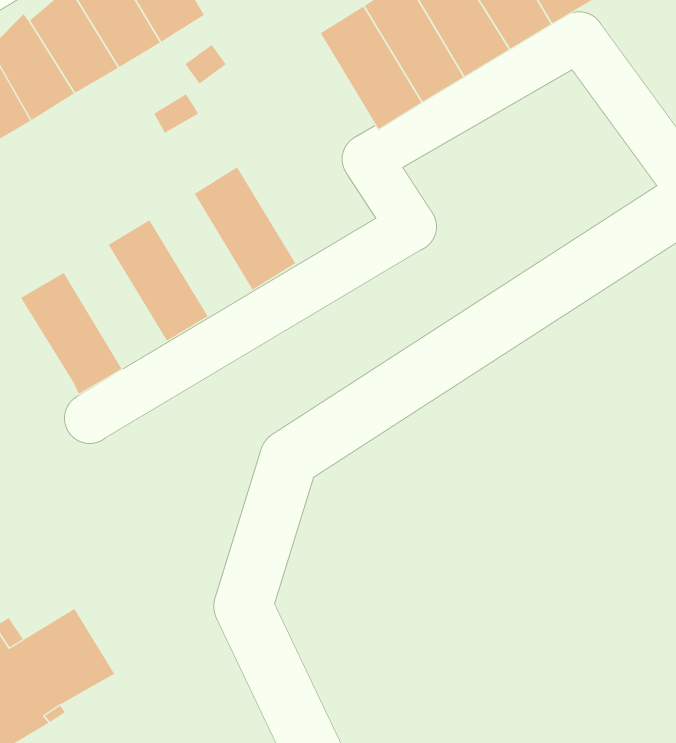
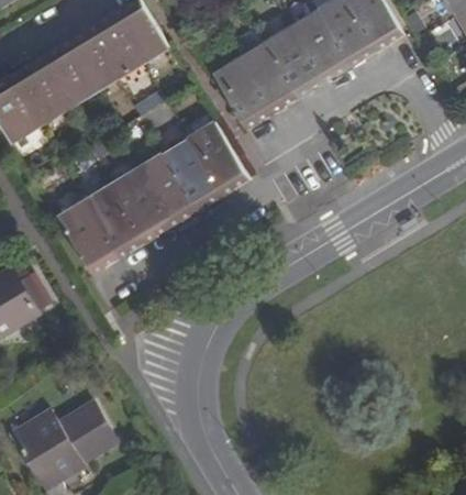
building: none -> [213,56,274,129]
building: none -> [189,120,251,195]
building: none -> [136,153,198,227]
building: none -> [85,184,146,259]

